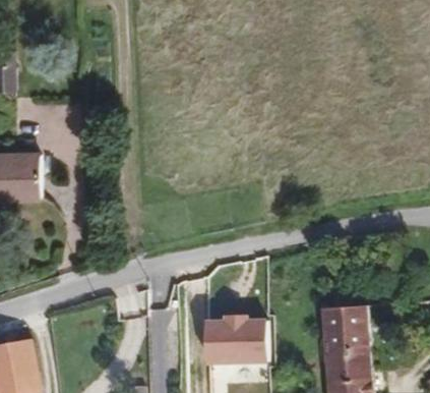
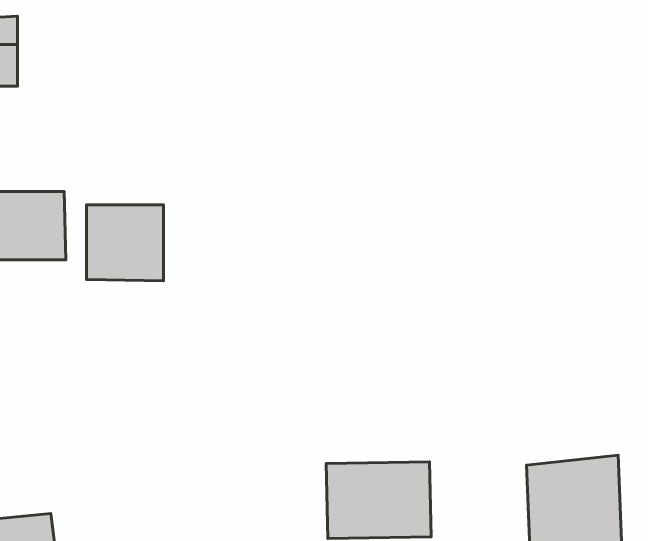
building: none -> [86,205,164,281]

